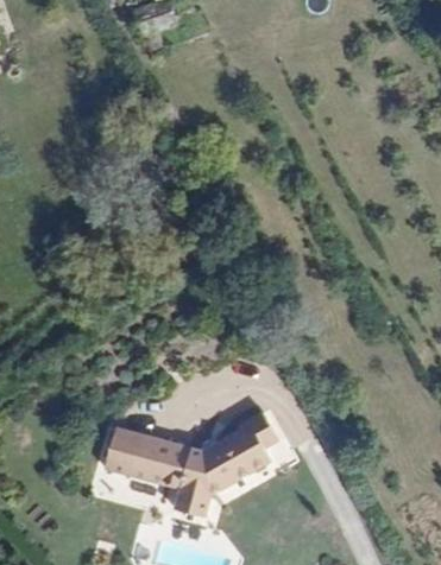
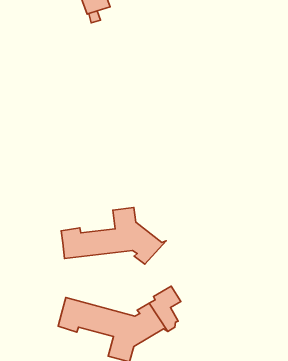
building: none -> [61,208,166,264]

